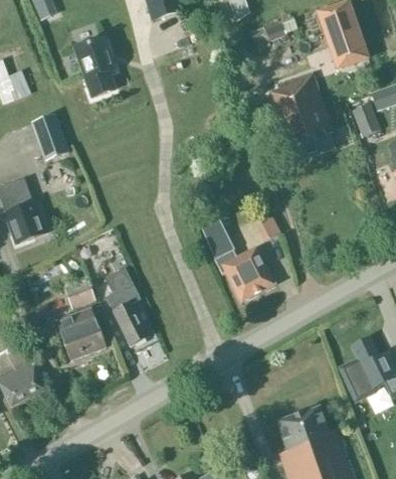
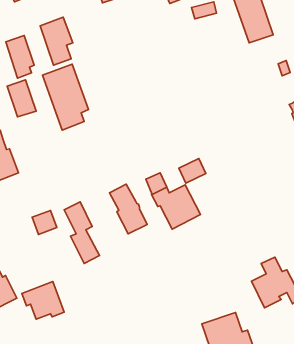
building: none -> [6,36,34,78]
building: [264,73,333,161] -> none
building: none -> [43,64,88,130]
building: [352,104,381,137] -> none
building: none -> [110,184,147,234]
building: [51,308,105,355] -> [22,282,64,319]

